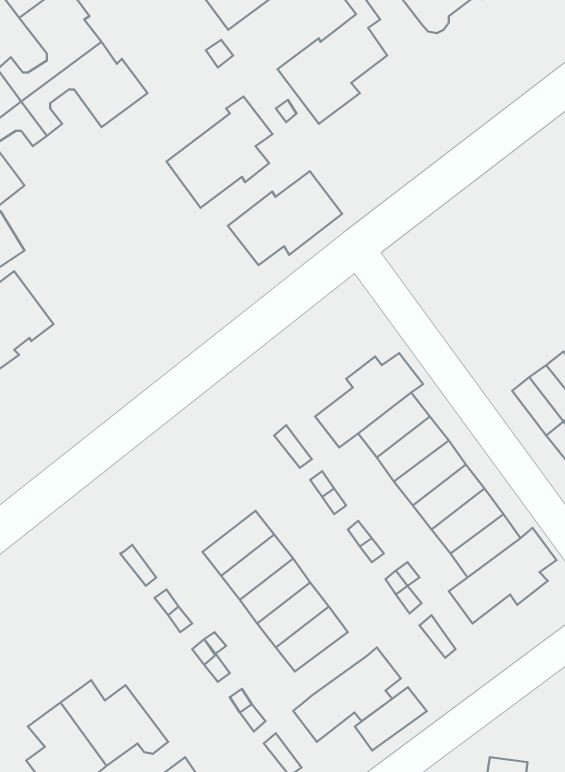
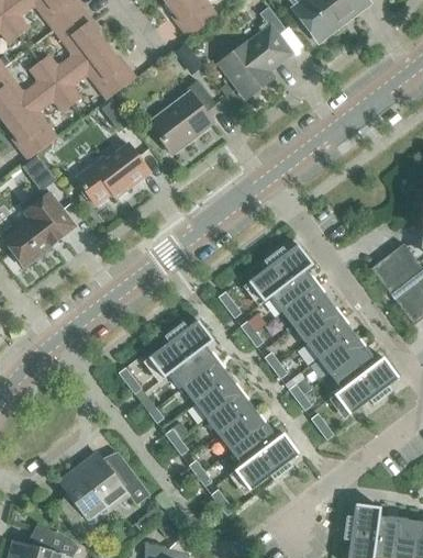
building: [228,171,342,265] -> [76,143,149,203]
building: none -> [144,319,213,380]
building: [355,687,427,751] -> [231,423,277,464]

